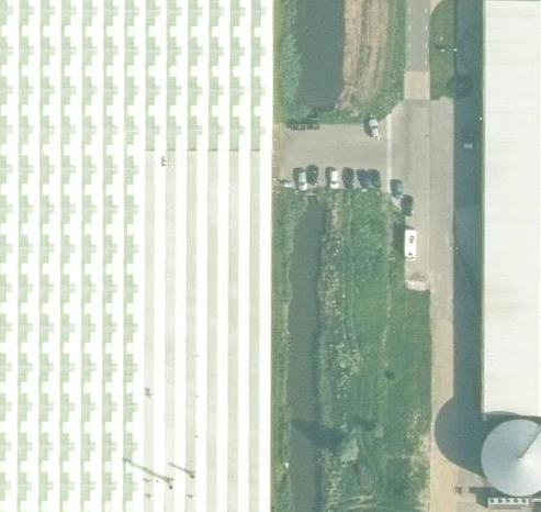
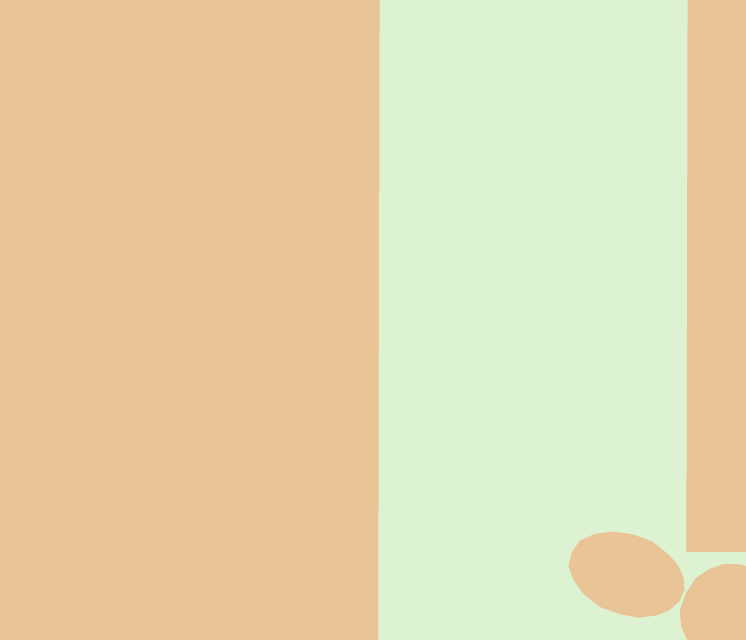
building: none -> [568,531,685,618]

